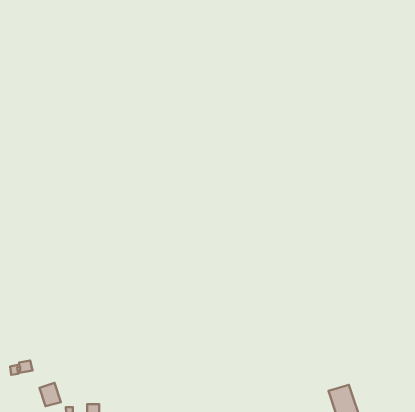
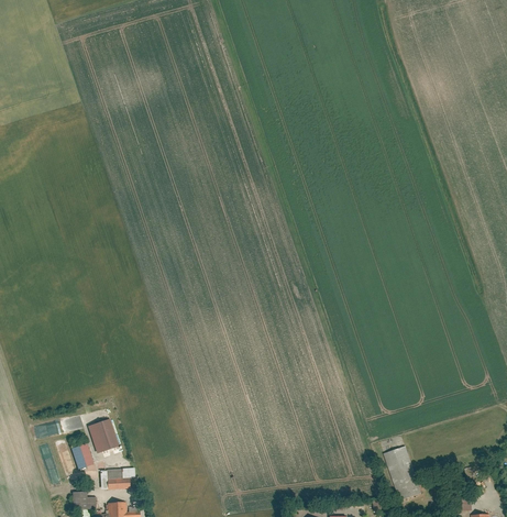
building: none -> [89,420,119,452]

